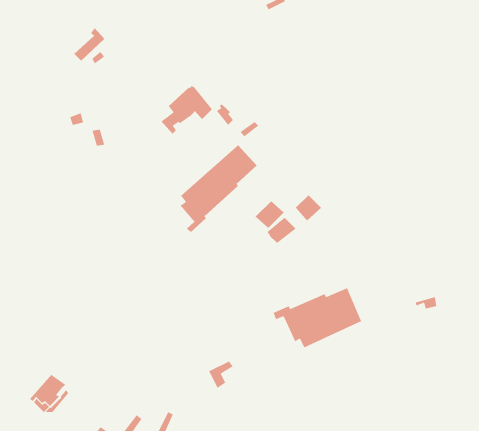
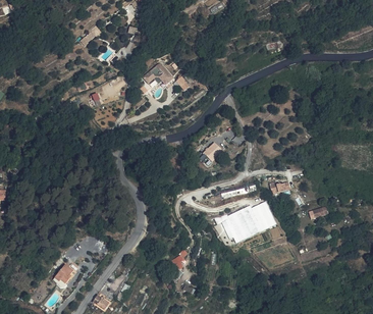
building: [180,145,258,233] -> none

